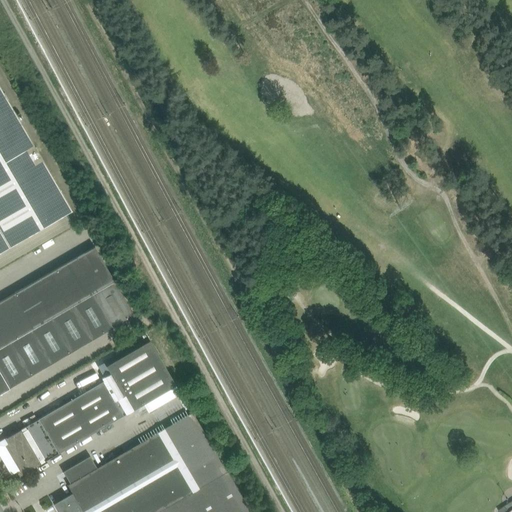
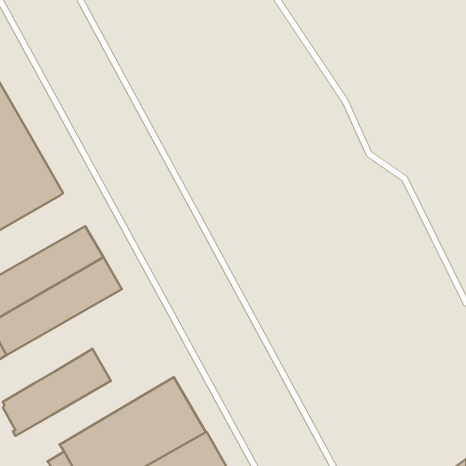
building: [100,343,174,418] -> none
building: [61,458,95,486] -> none

